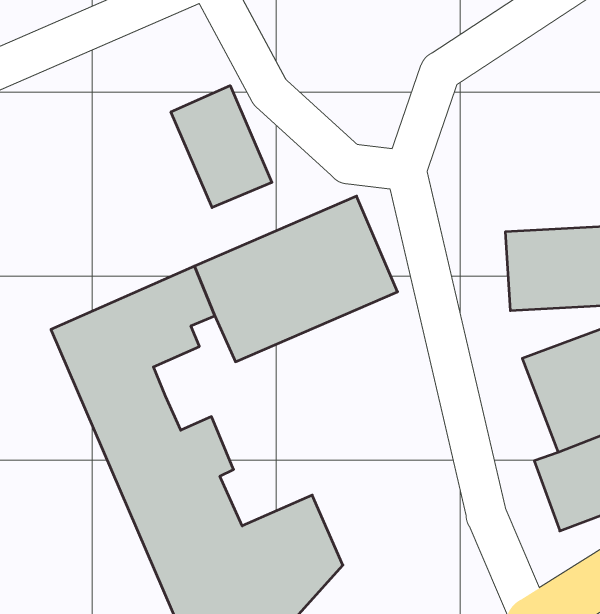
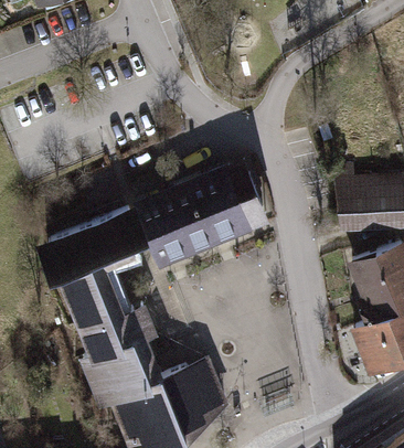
building: [171,86,272,208] -> none

